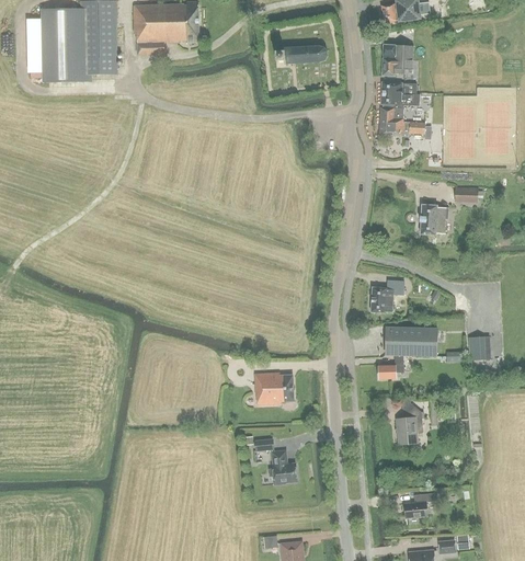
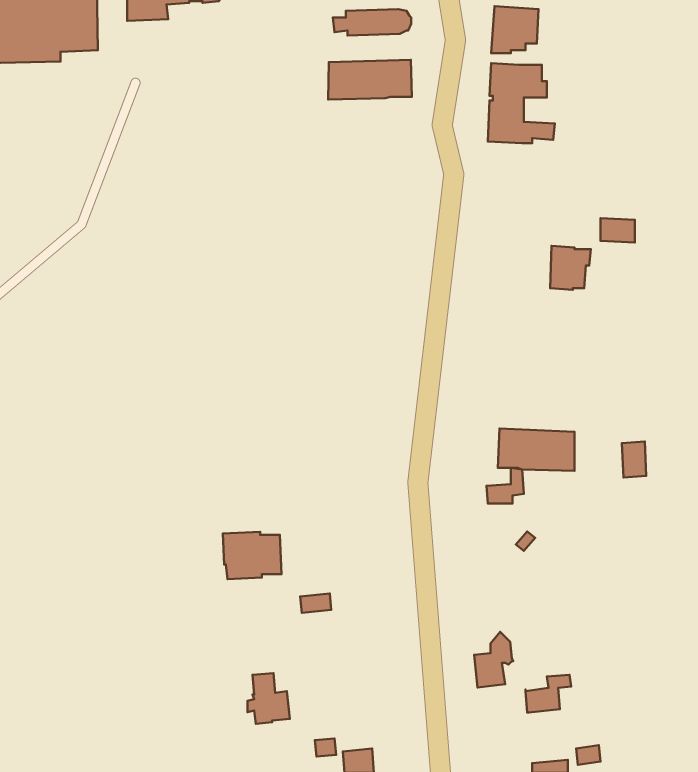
building: none -> [328,60,412,99]
building: [370,279,404,311] -> none
building: [254,371,294,403] -> [223,532,281,579]
building: [397,404,423,442] -> [474,632,513,687]
building: [269,449,297,483] -> [248,673,290,724]

